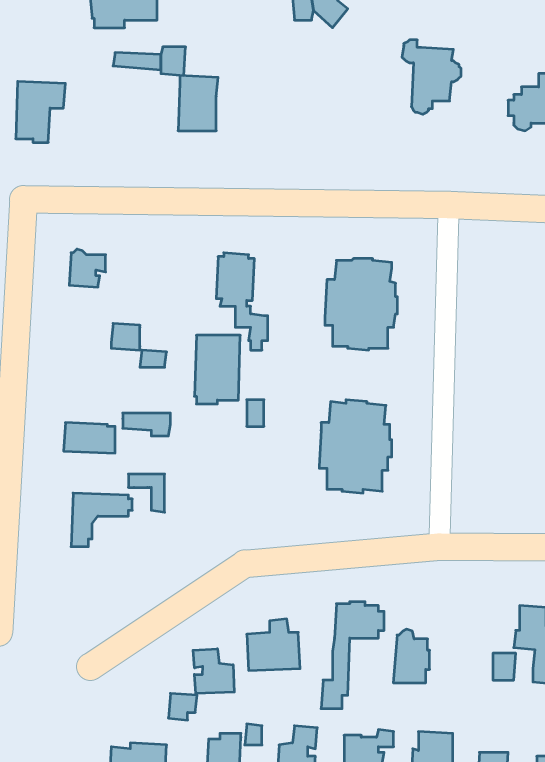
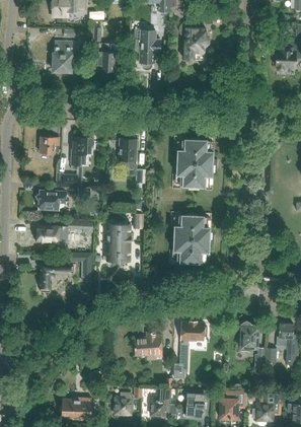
building: [402,40,461,114] -> [178,23,210,63]
building: none -> [134,29,160,70]
building: [16,81,65,142] -> [53,41,79,73]
building: none -> [71,136,93,164]
building: [194,335,240,404] -> [106,224,131,261]
building: none -> [35,189,67,209]
building: [393,629,430,683] -> [239,321,258,349]
building: [193,649,234,694] -> none

